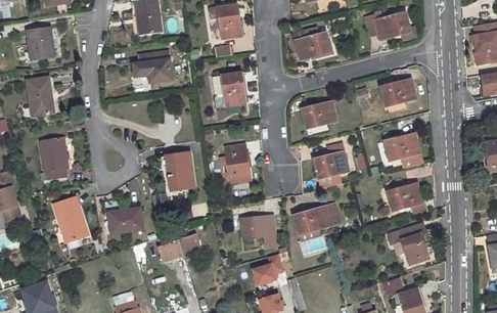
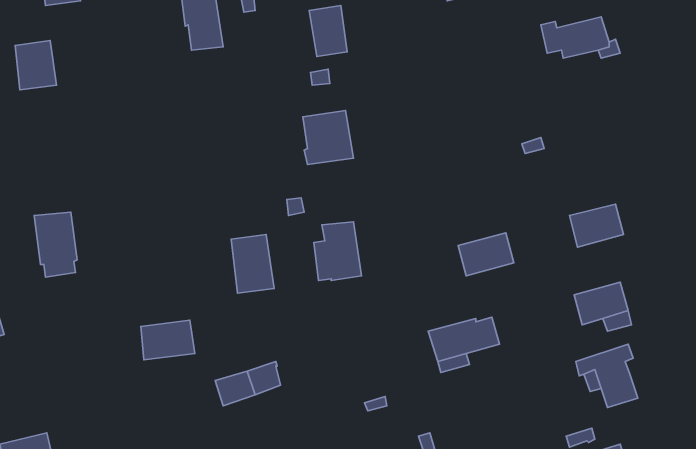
building: [296,29,330,59] -> none
building: [133,51,172,82] -> none
building: [381,76,416,106] -> none
building: [27,77,53,116] -> none
building: [301,101,335,129] -> none
building: [53,197,88,241] -> none
building: [240,216,276,247] -> none
building: [253,254,283,285] -> none

